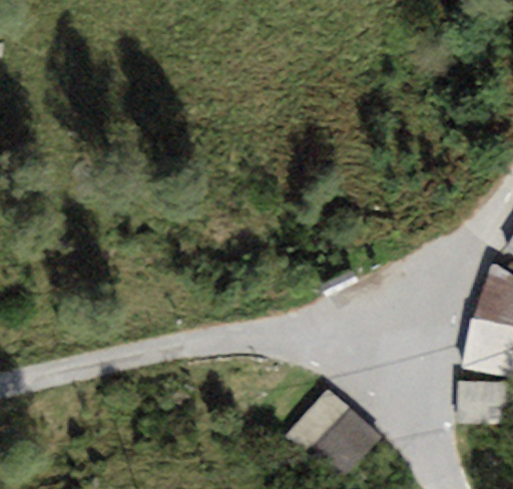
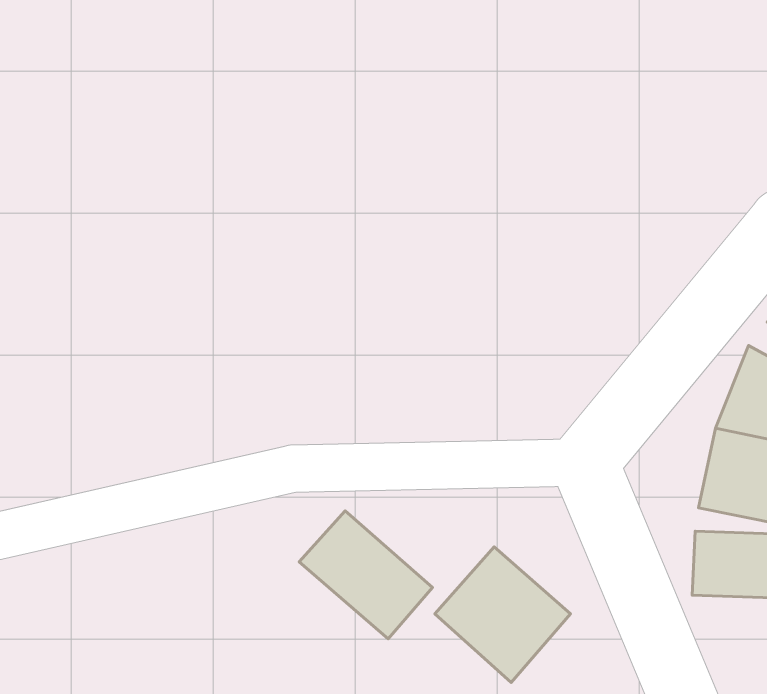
building: none -> [299,511,433,639]

